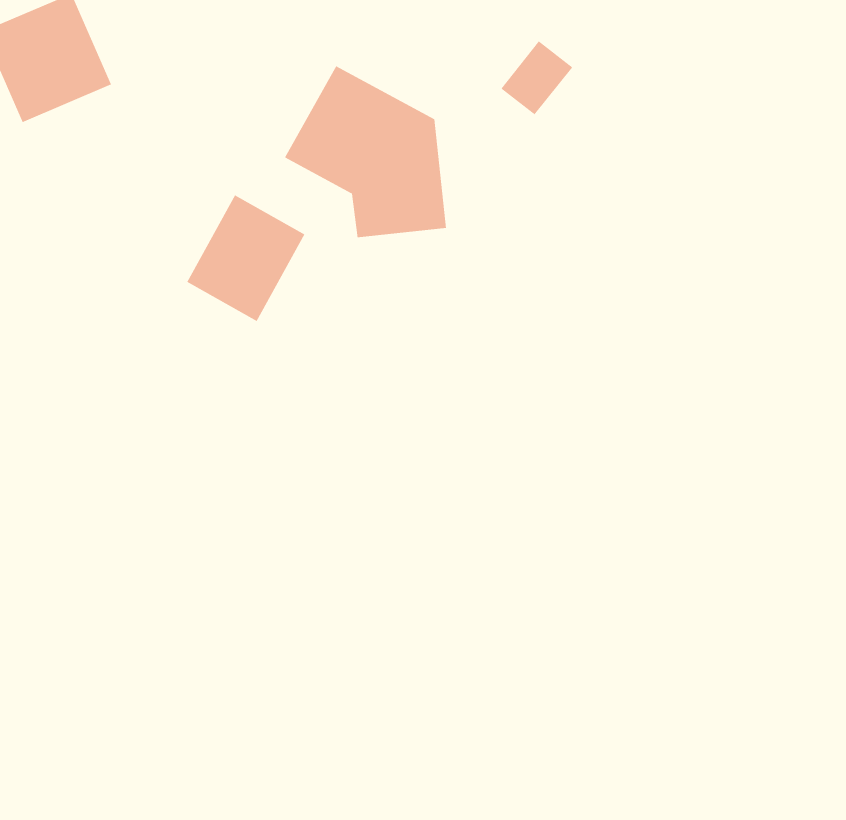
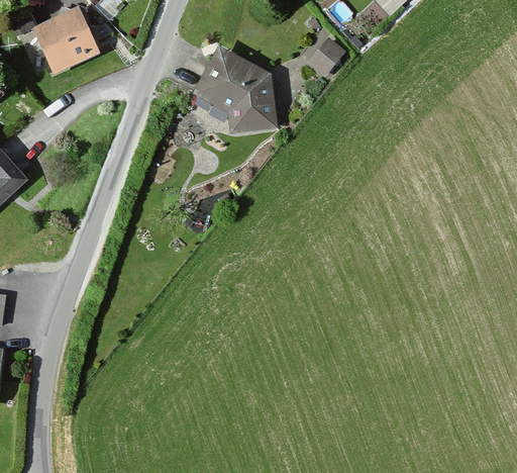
building: [186,195,305,322] -> none

